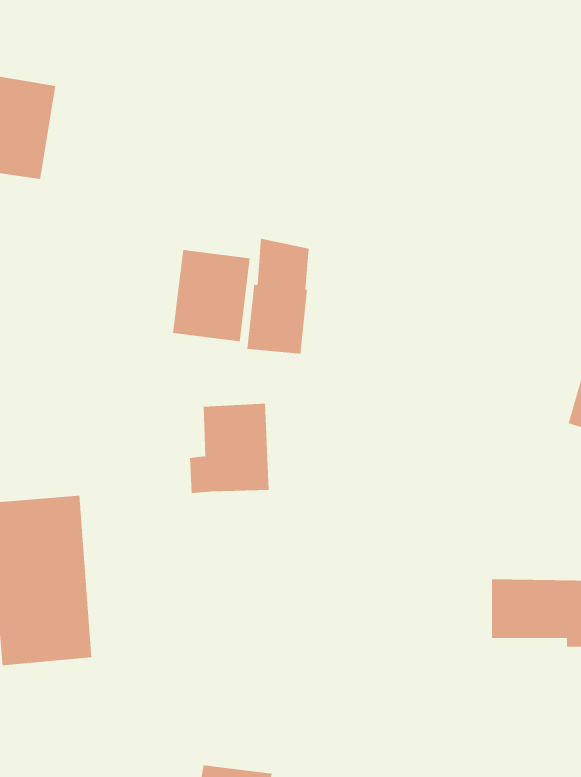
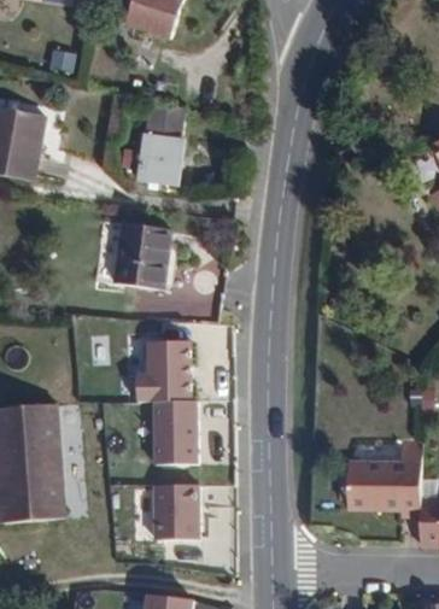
building: [247,238,310,354] -> [140,100,185,182]
building: none -> [151,399,198,464]
building: none -> [152,485,200,543]

